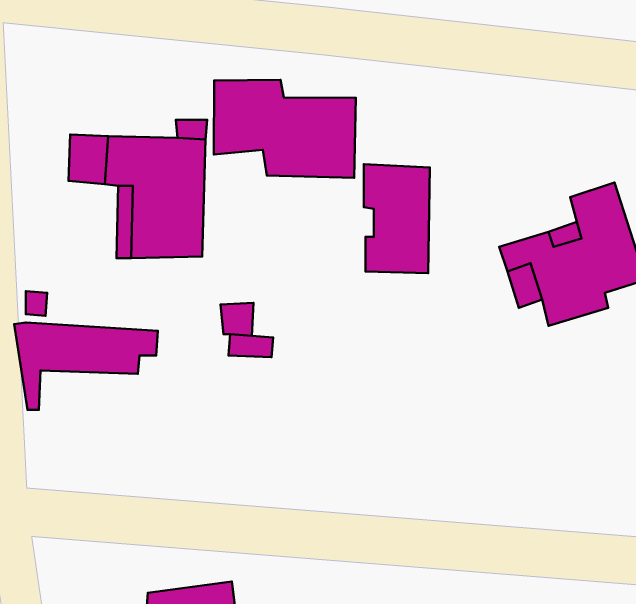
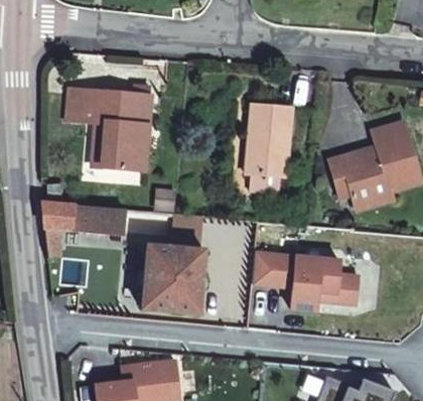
building: [214,80,356,178] -> none
building: none -> [246,250,352,305]
building: none -> [136,252,196,313]

